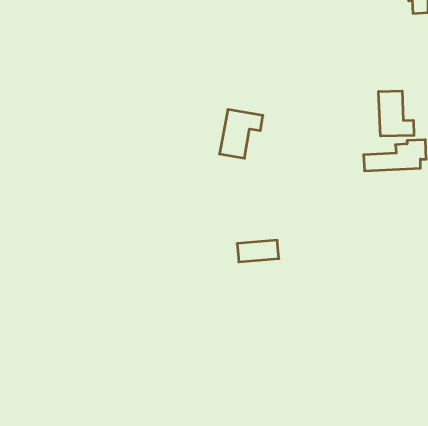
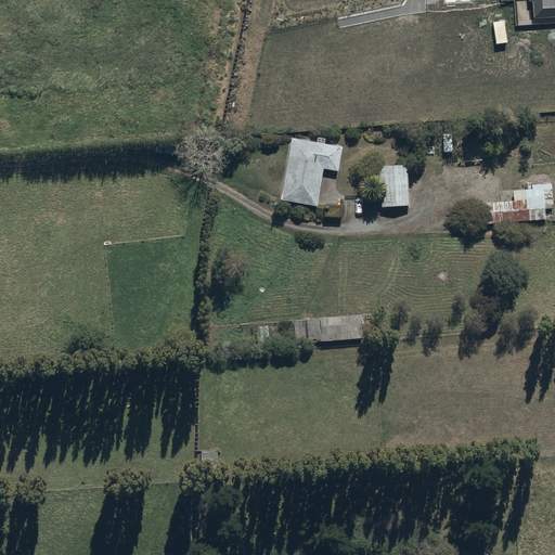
building: [379,91,414,136] -> none
building: none -> [380,167,410,208]

